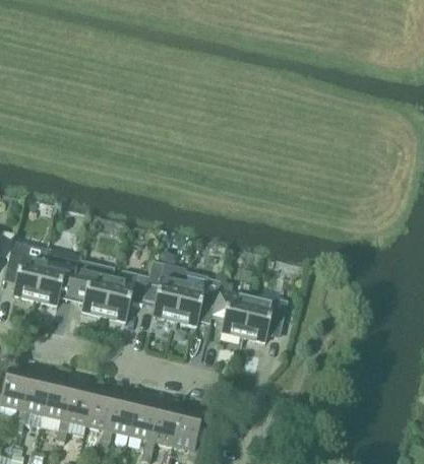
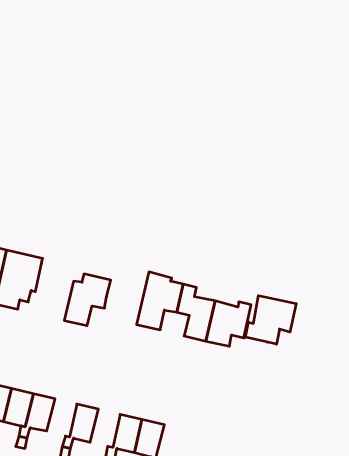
building: [74,260,112,316] -> none
building: [144,261,186,320] -> none
building: none -> [246,296,296,344]
building: [85,393,115,430] -> none
building: [128,403,158,441] -> none

